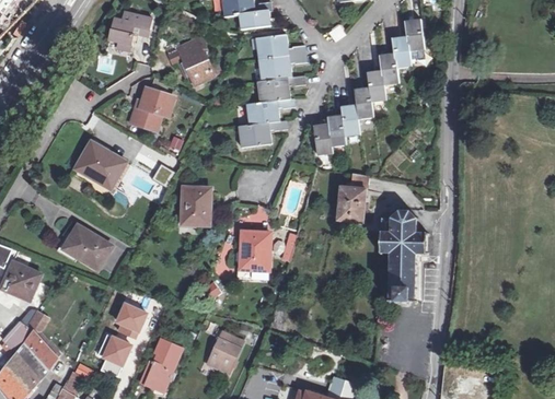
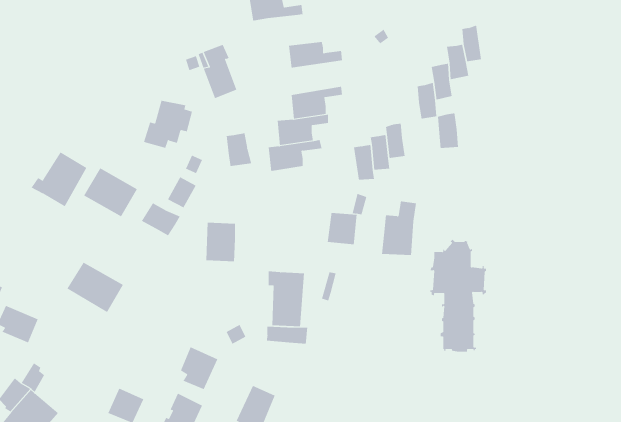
building: [111,10,151,46] -> none
building: [238,13,268,32] -> none
building: [257,52,303,79] -> none
building: [351,89,370,119] -> [437,113,459,148]
building: none -> [226,132,252,167]
building: none -> [31,152,87,207]
building: none -> [141,202,181,236]
building: none -> [327,212,357,245]
building: none -> [266,326,308,345]
building: [114,300,147,337] -> [180,346,218,390]

